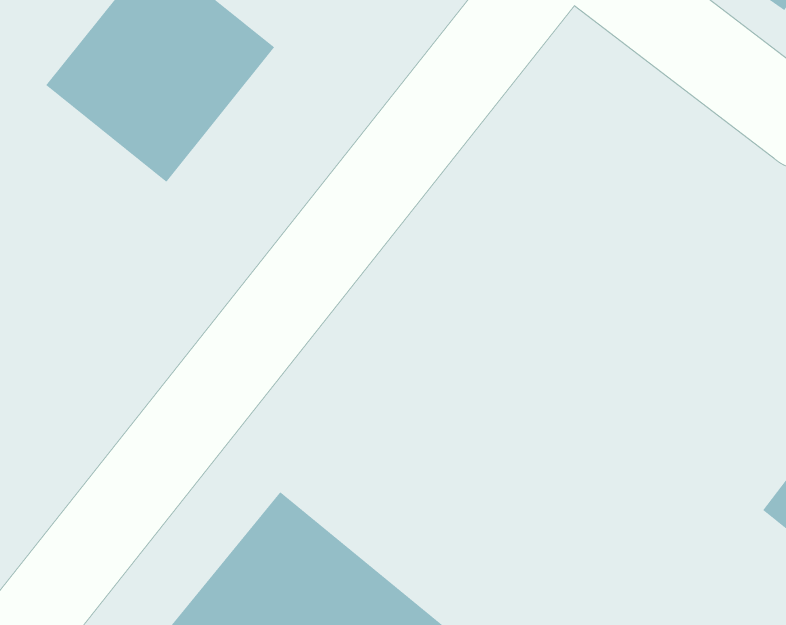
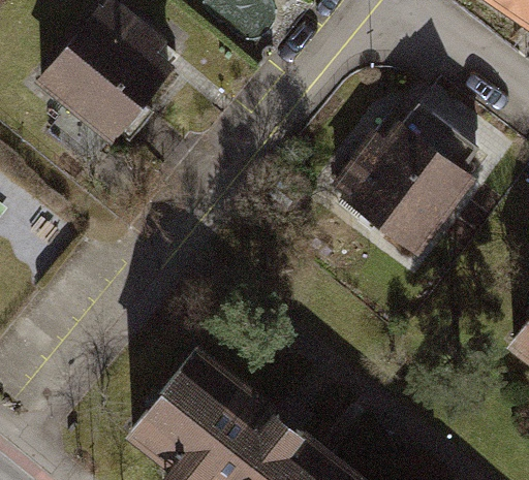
building: none -> [337,107,489,252]

